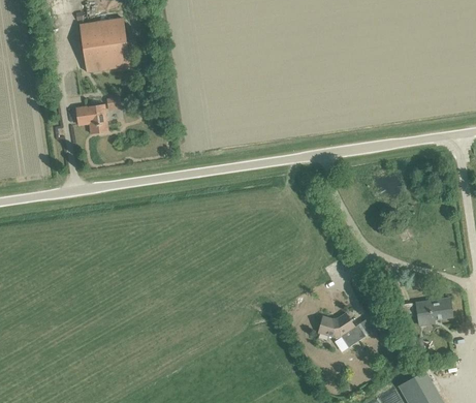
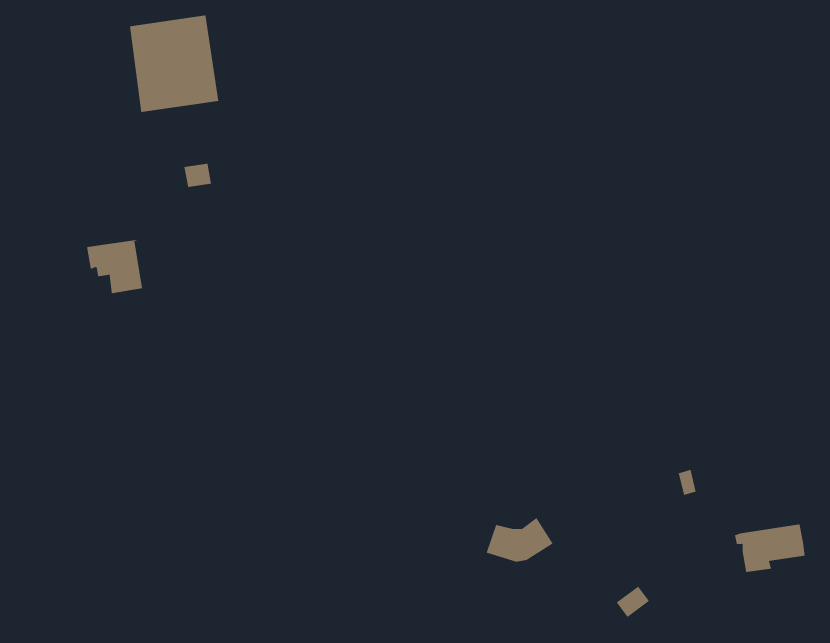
building: [77,104,109,134] -> [86,239,145,294]
building: [318,313,355,338] -> [486,517,554,562]

